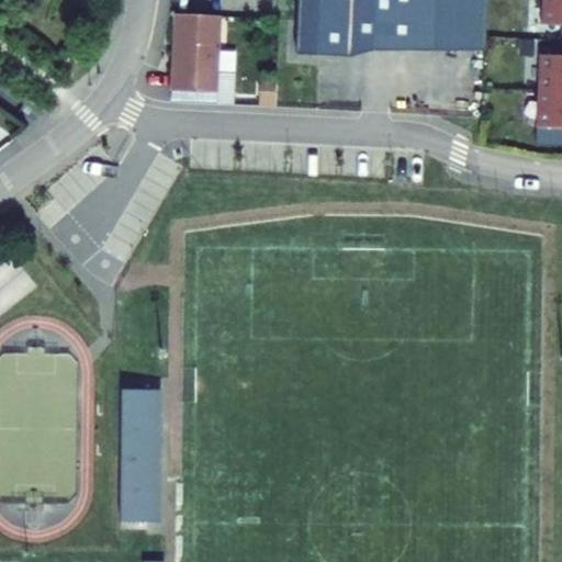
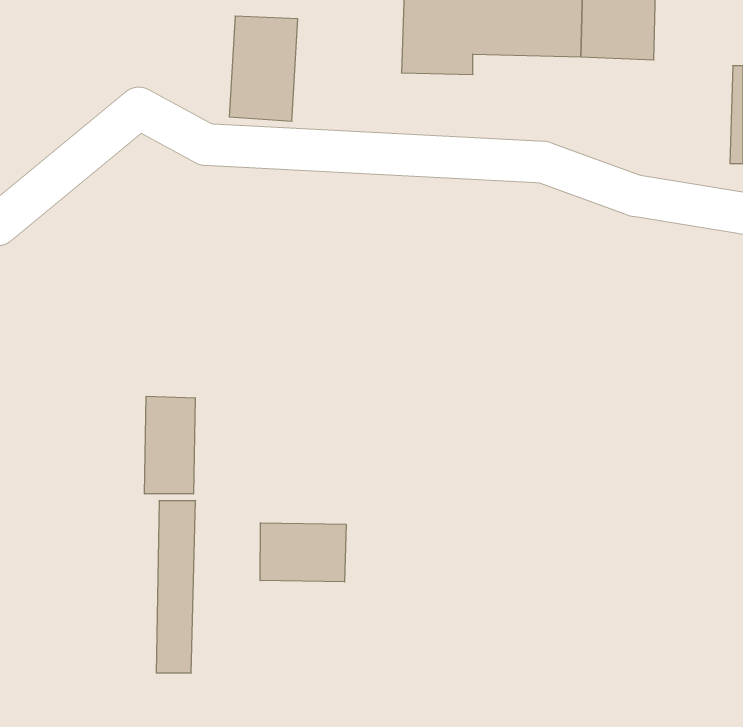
building: none -> [145,396,195,494]
building: none -> [260,523,346,582]

